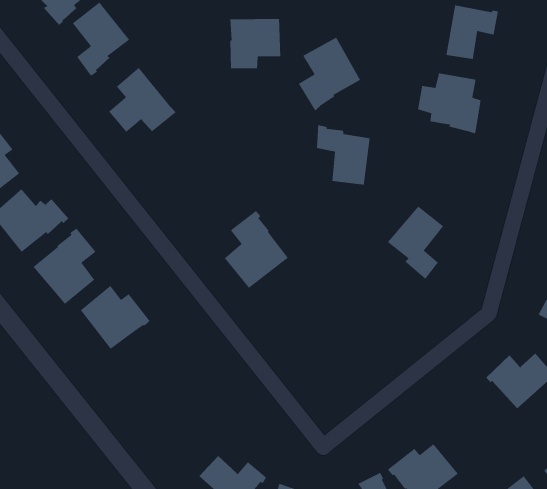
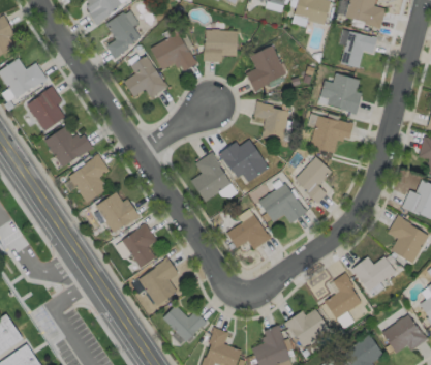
building: none -> [150,33,198,71]
building: none -> [310,116,355,153]
building: none -> [218,140,269,183]
building: none -> [258,183,308,224]
building: none -> [226,215,271,250]
building: none -> [122,223,157,269]
building: none -> [140,257,179,306]
building: none -> [324,273,361,320]

